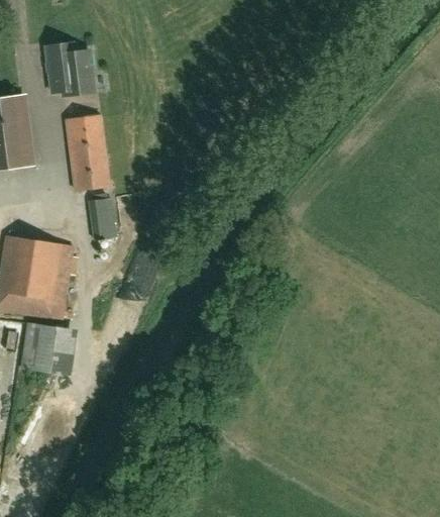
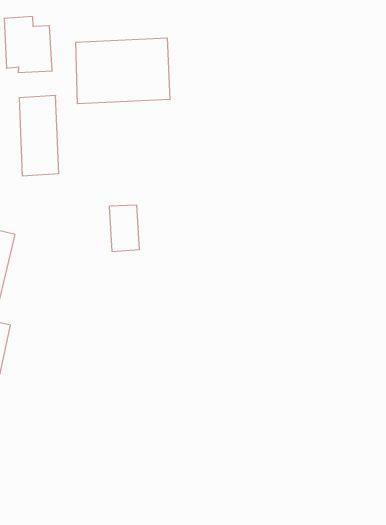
building: none -> [76,38,170,104]
building: [88,197,119,241] -> [109,205,140,251]

